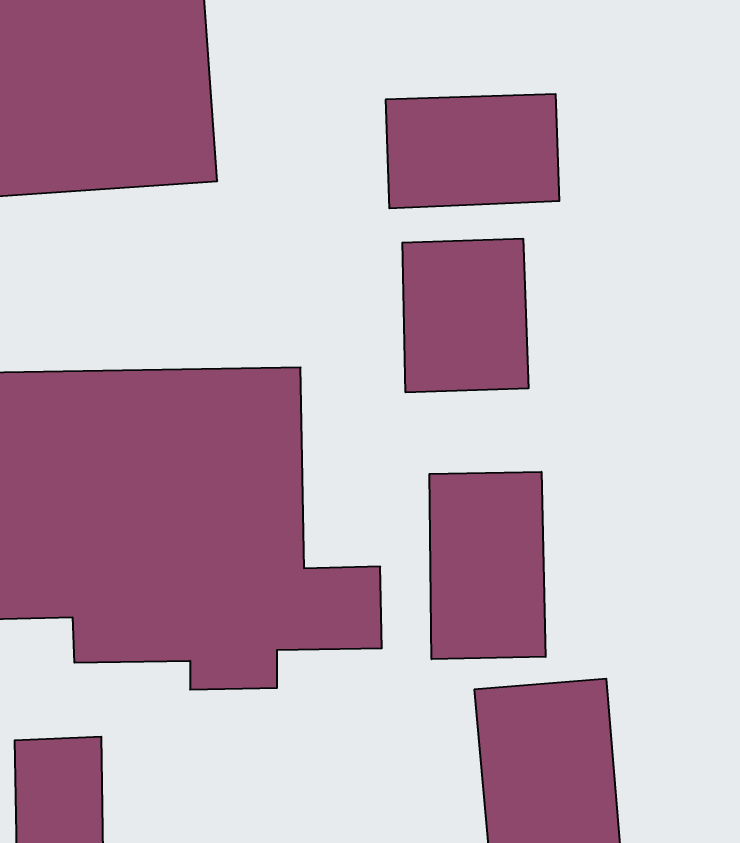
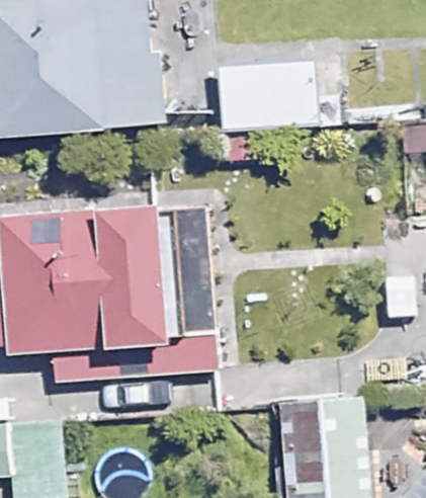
building: [402,239,528,392] -> none
building: [429,472,546,659] -> none

